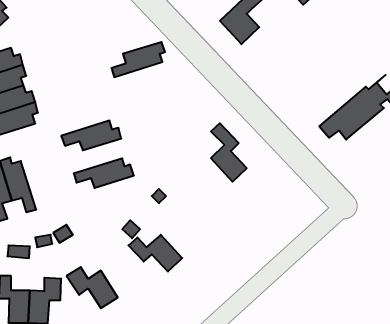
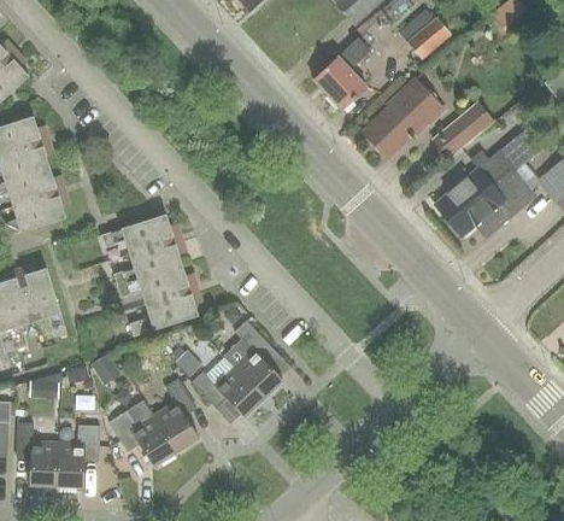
building: none -> [362,78,443,159]
building: none -> [430,101,493,159]
building: [111,42,165,77] -> [113,238,186,285]
building: none -> [434,133,536,221]
building: [211,123,247,182] -> [234,320,282,398]
building: none -> [129,287,201,336]
building: none -> [153,377,199,451]

